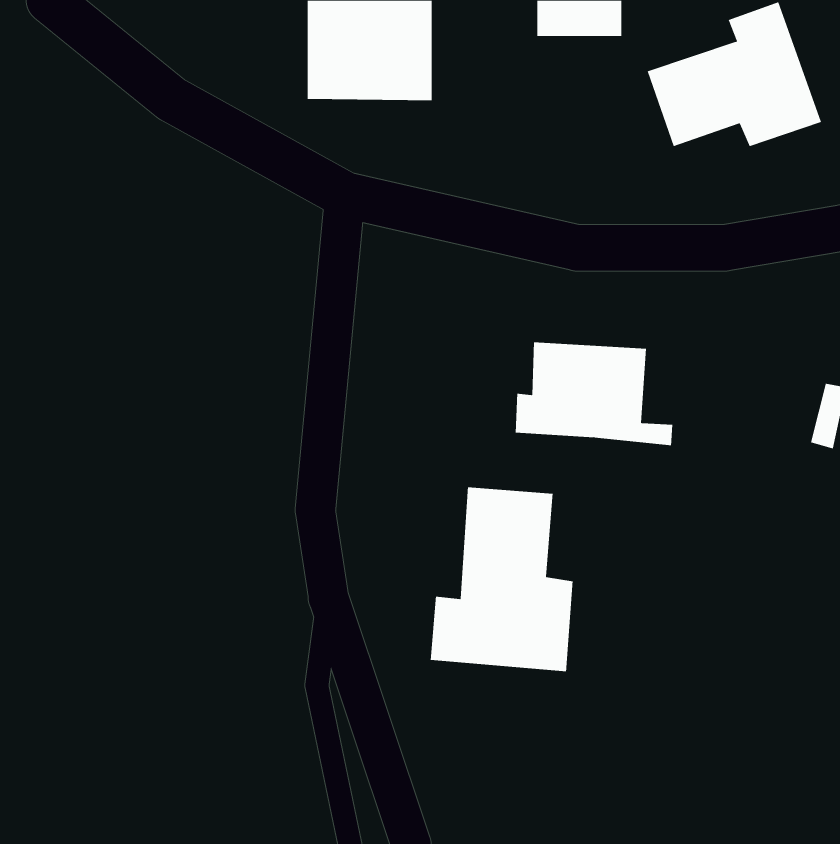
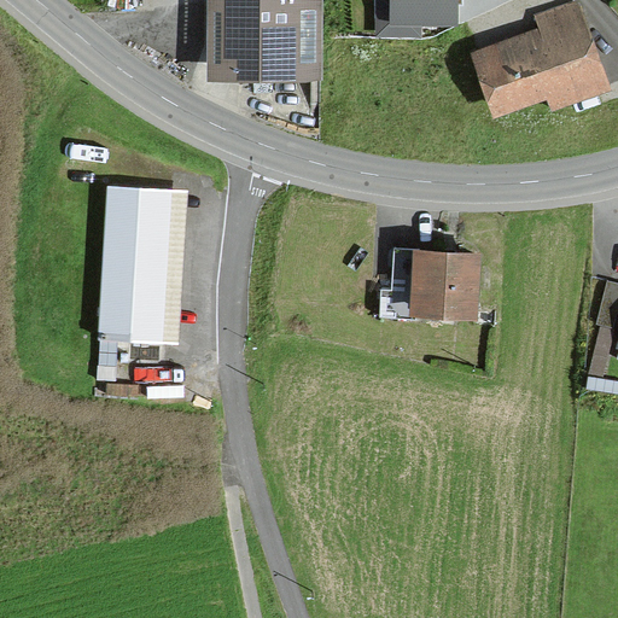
building: none -> [100,185,168,340]
building: [430,487,573,672] -> none

